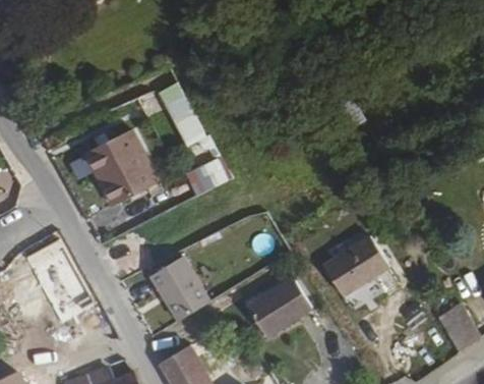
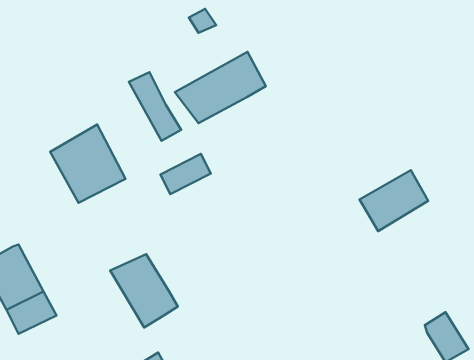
building: none -> [175,52,266,123]
building: [324,240,388,297] -> [359,170,428,231]
building: [248,279,310,335] -> none

